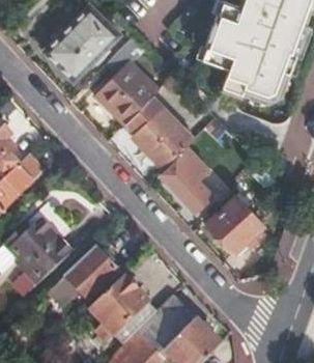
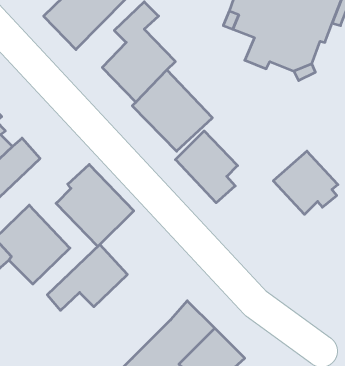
building: none -> [56,164,134,247]
building: [207,196,263,251] -> [273,151,338,214]
building: [87,277,155,345] -> none

